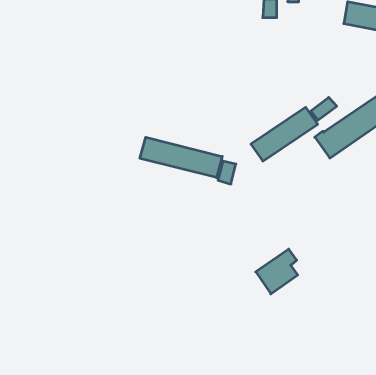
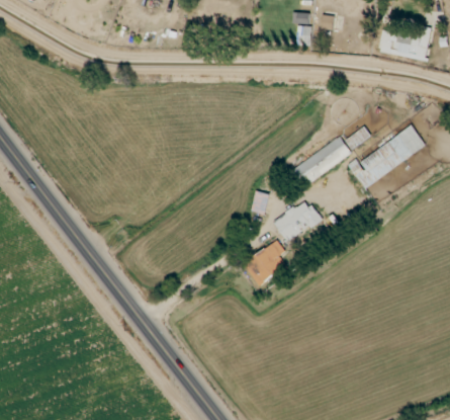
building: [140,137,222,178] -> none
building: none -> [273,199,321,242]
building: [256,249,298,294] -> [243,240,285,285]

